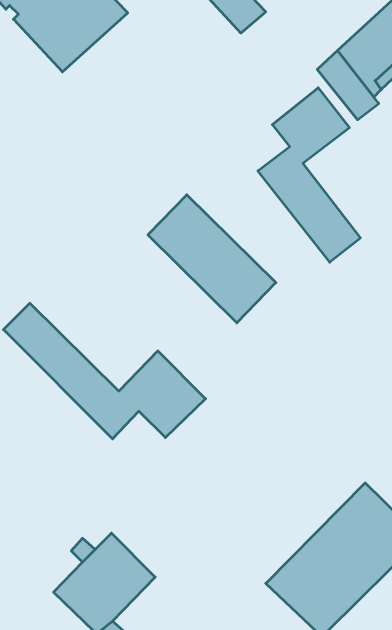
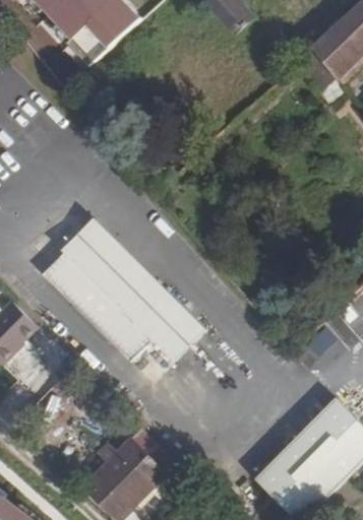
building: [258,88,360,262] -> none
building: [148,195,276,323] -> [62,218,166,322]

